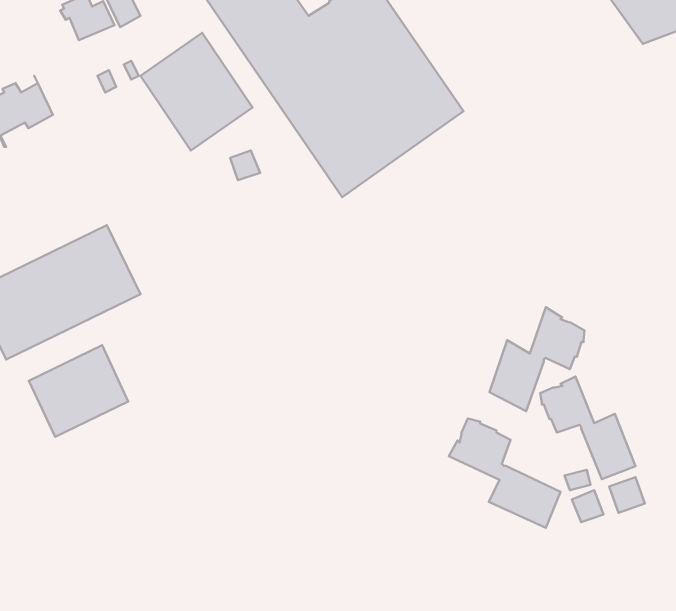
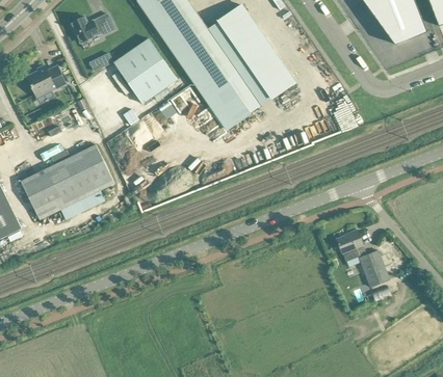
building: [490,307,585,411] -> none
building: [29,345,128,437] -> none
building: [449,419,561,528] -> none

